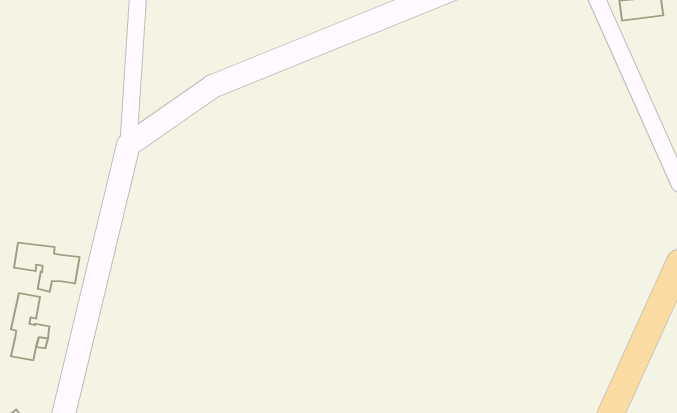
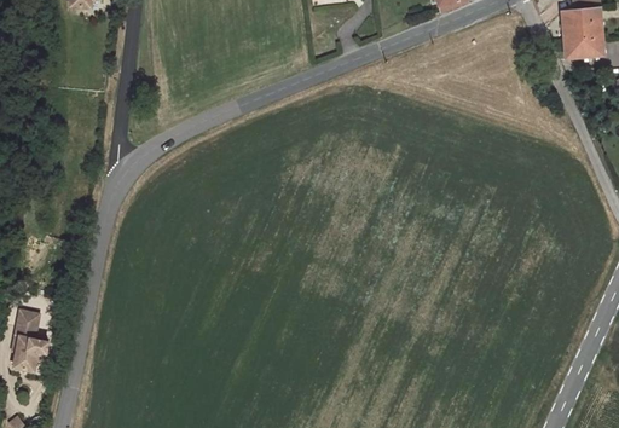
building: [14,243,79,292] -> none

